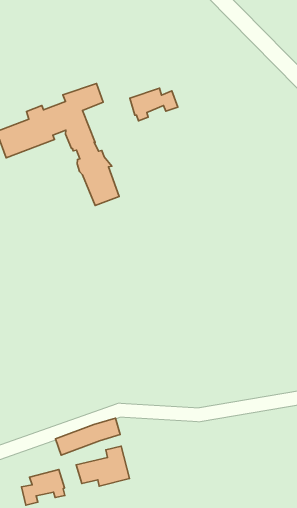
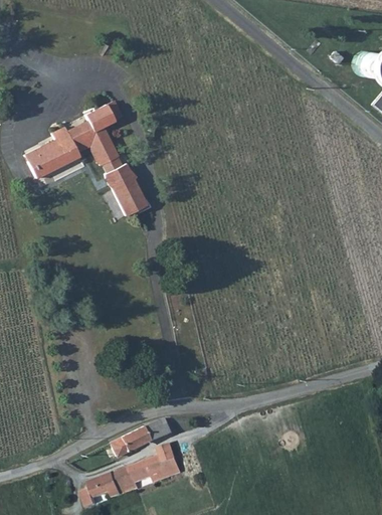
building: [130,88,178,121] -> none
building: none -> [116,465,141,495]

